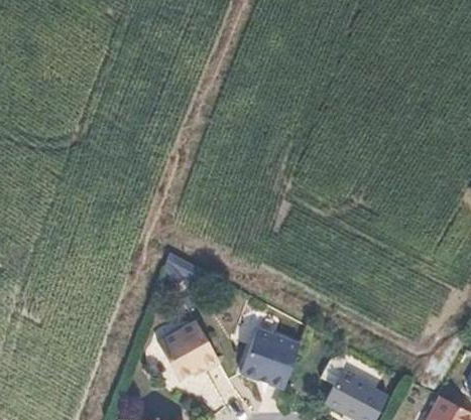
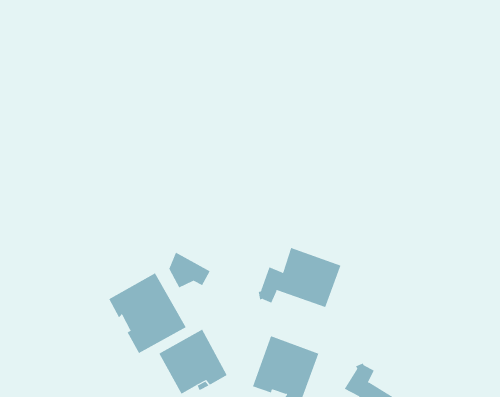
building: none -> [258,247,341,308]
building: none -> [109,272,187,354]

